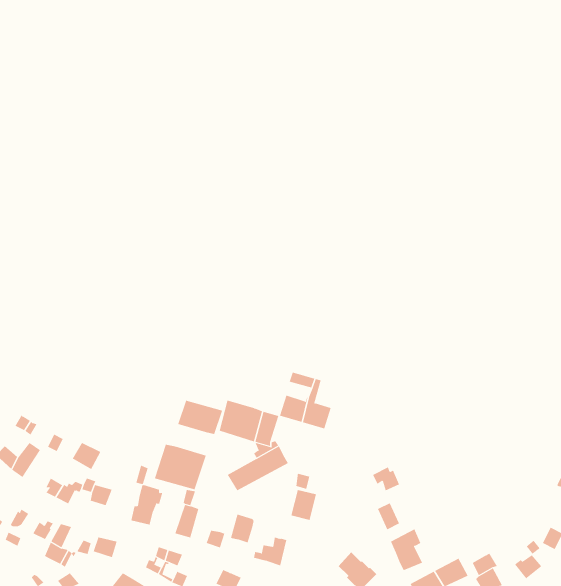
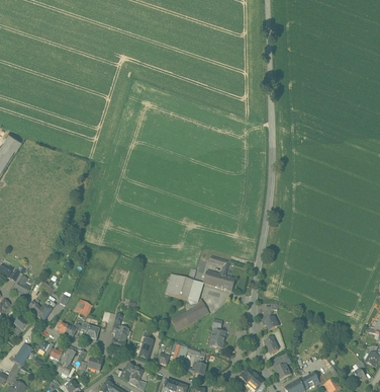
building: [178,400,223,435] -> none
building: [154,444,207,490] -> none

